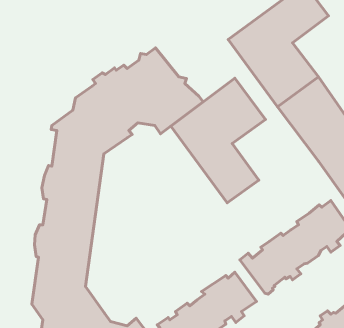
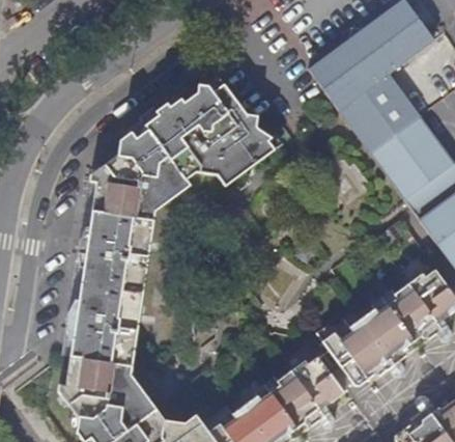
building: [171,78,265,203] -> none

